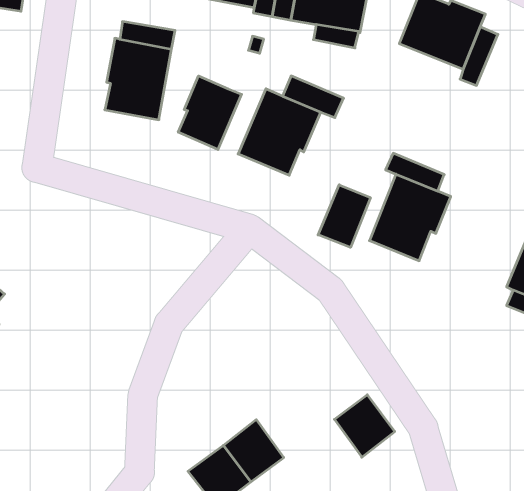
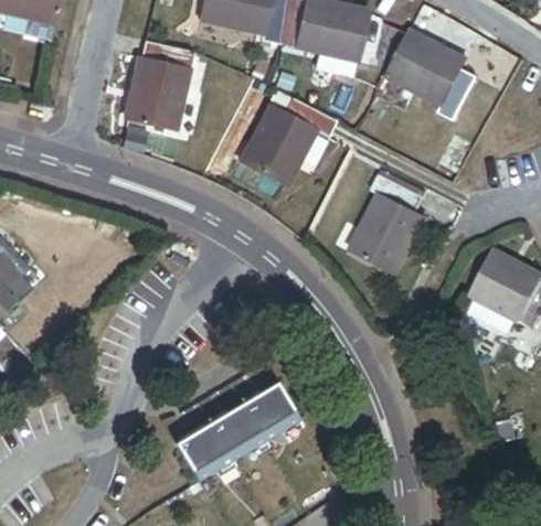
building: [178,76,242,150] -> none
building: [318,185,370,247] -> none
building: [334,395,395,457] -> [240,380,293,436]

